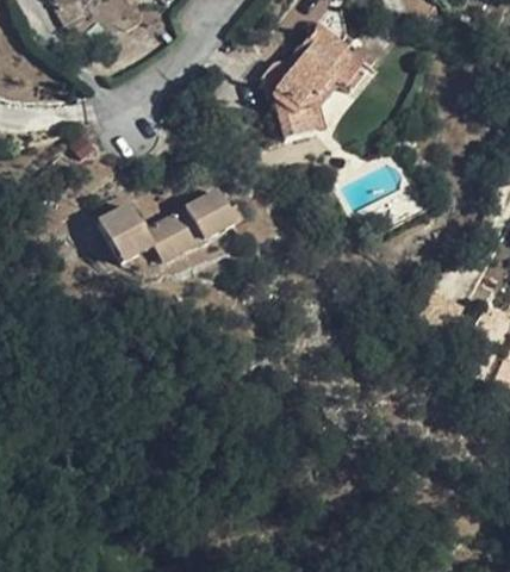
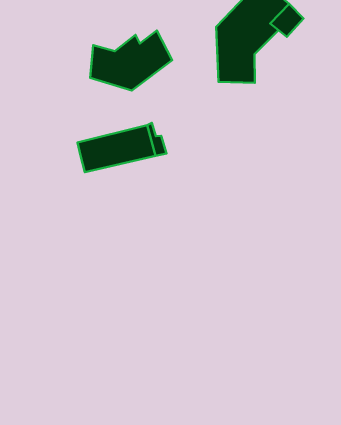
building: none -> [90,30,172,90]
building: [92,201,145,261] -> none

